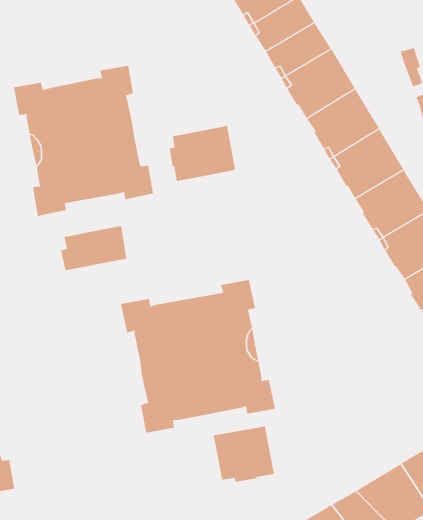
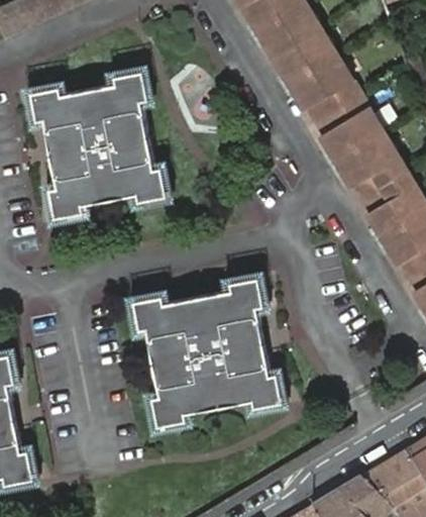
building: [169,125,236,182] -> none
building: [61,225,127,271] -> none
building: [213,426,274,483] -> none

